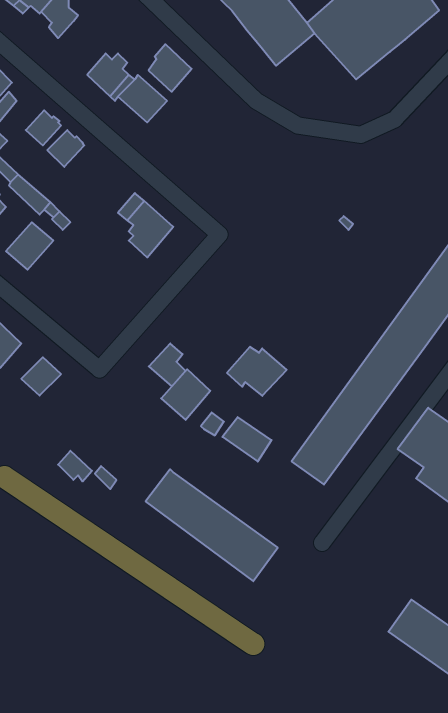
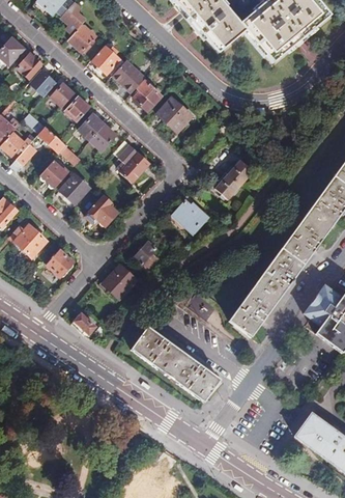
building: none -> [67,23,95,51]
building: [149,44,192,92] -> [133,80,162,112]
building: none -> [155,96,192,132]
building: none -> [77,113,115,149]
building: none -> [214,160,253,199]
building: none -> [59,173,89,203]
building: none -> [84,195,117,225]
building: [227,347,287,396] -> [169,200,209,233]
building: [161,369,210,420] -> [102,265,135,299]

